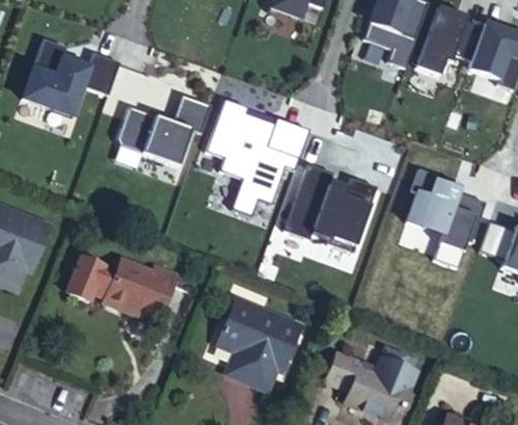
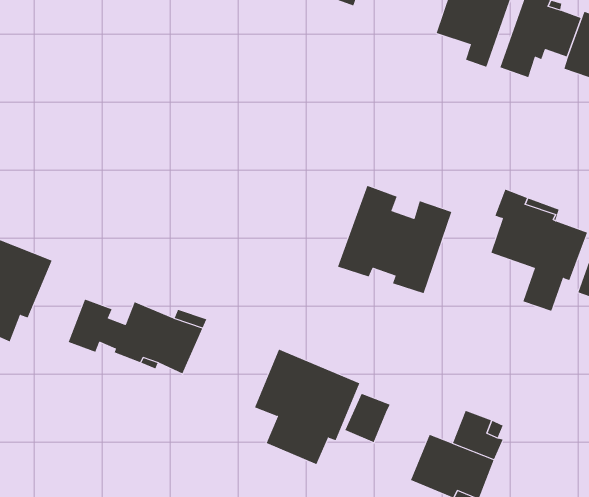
building: [21,39,120,117] -> none
building: [116,94,212,166] -> none
building: [207,98,309,215] -> none
building: [325,350,362,391] -> [345,393,391,443]

